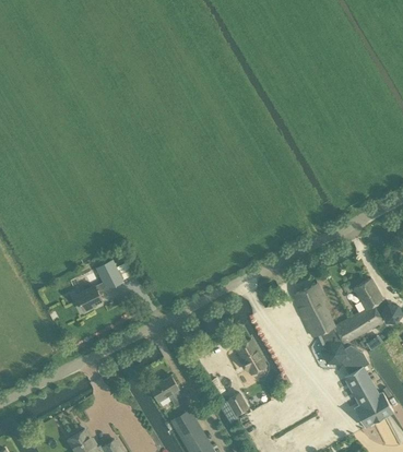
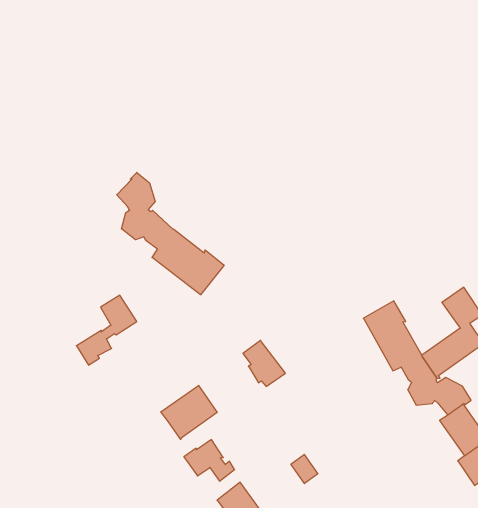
building: none -> [117,172,224,295]
building: none -> [161,385,217,439]
building: [236,340,266,374] -> [243,340,285,386]

